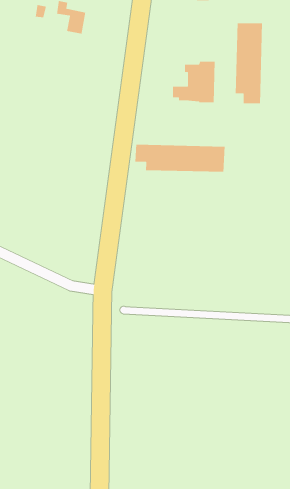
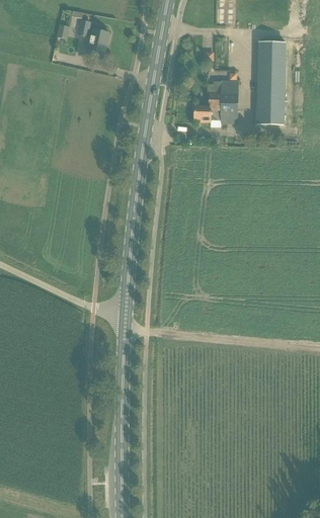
building: [134,144,226,172] -> none

